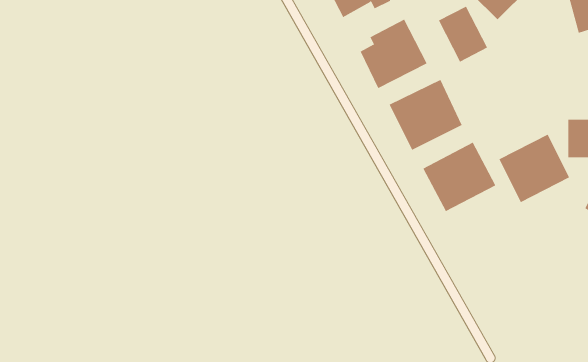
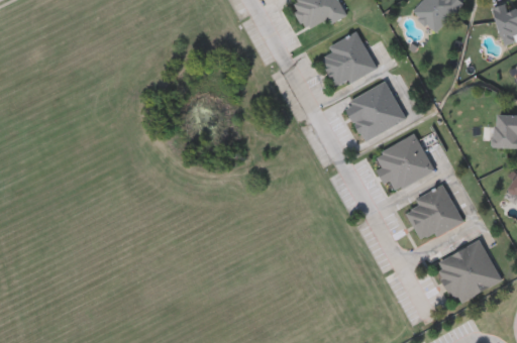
building: [438,6,488,62] -> none
building: [499,134,570,203] -> [404,186,463,243]
building: none -> [436,240,502,304]

